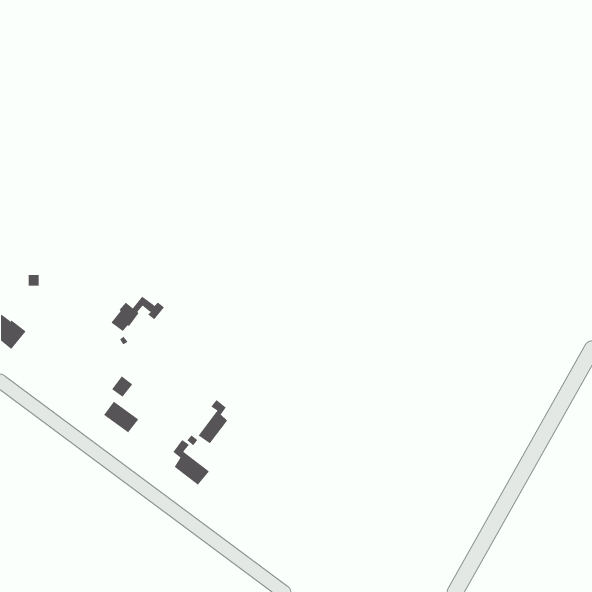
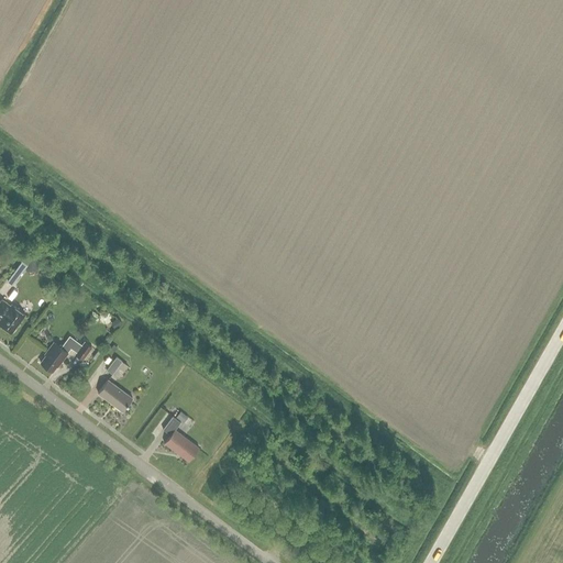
building: [110,296,165,332] -> [41,336,92,371]
building: [198,399,228,444] -> none

